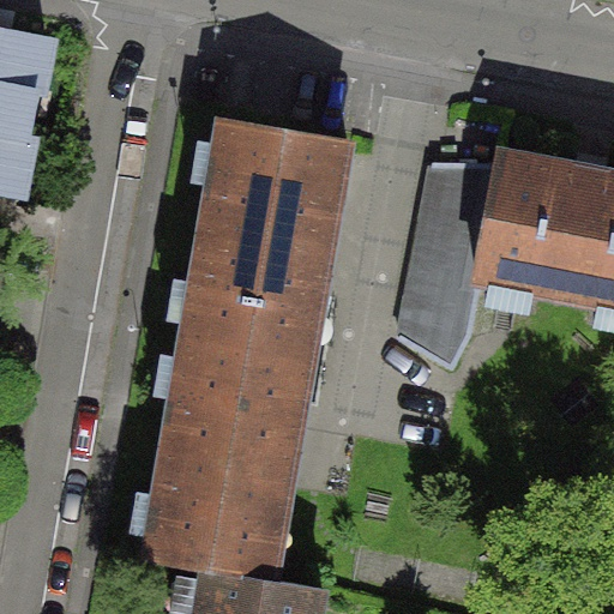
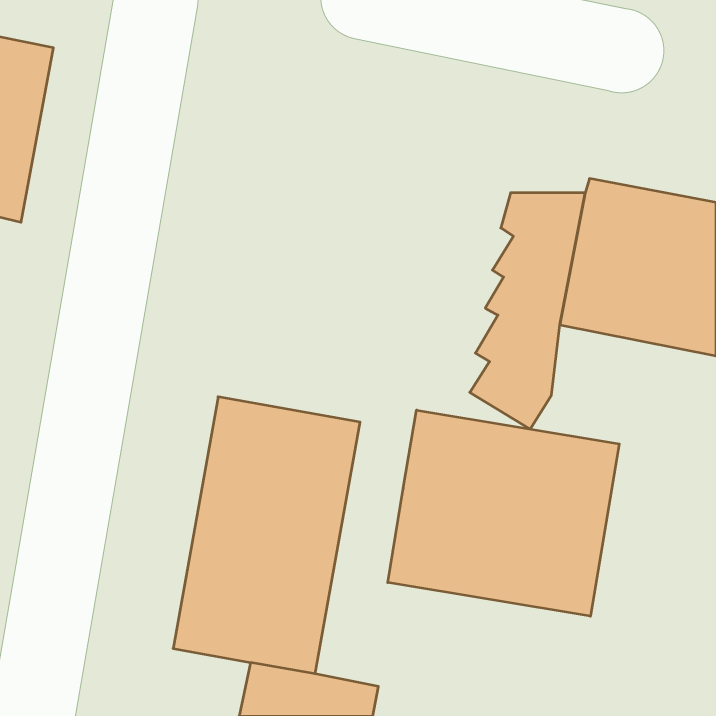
building: [186,122,345,360] -> none
building: none -> [388,410,619,616]

